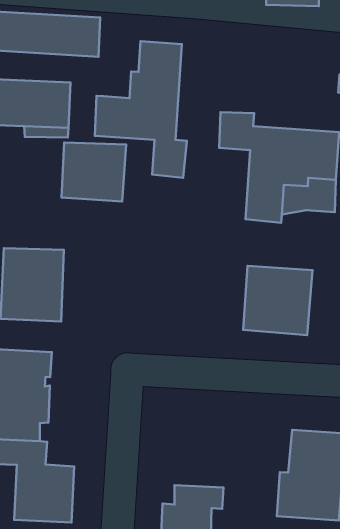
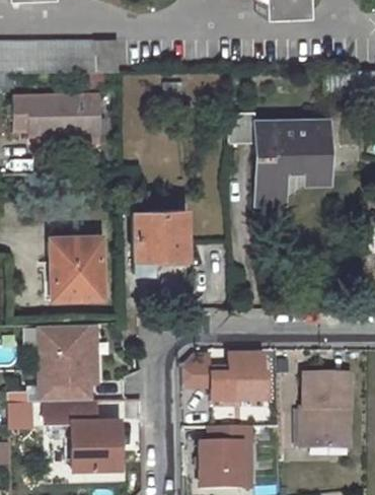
building: [95,41,187,178] -> none
building: [61,142,126,202] -> [133,209,185,258]
building: [243,266,313,335] -> none
building: none -> [180,358,266,405]

